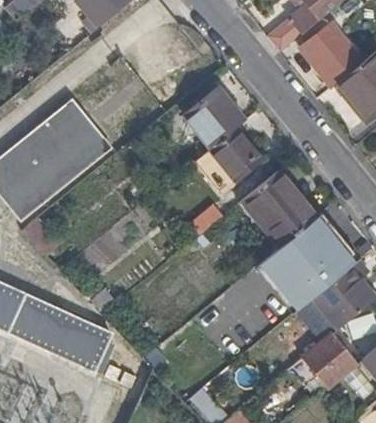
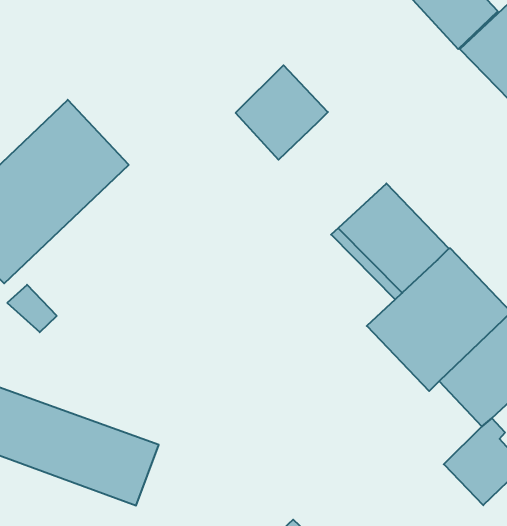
building: [208,126,261,180] -> none

